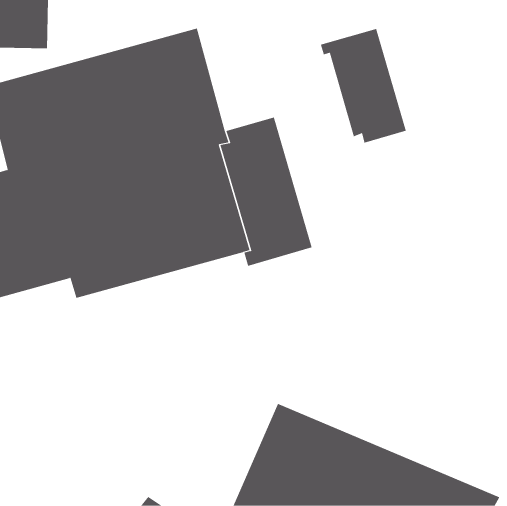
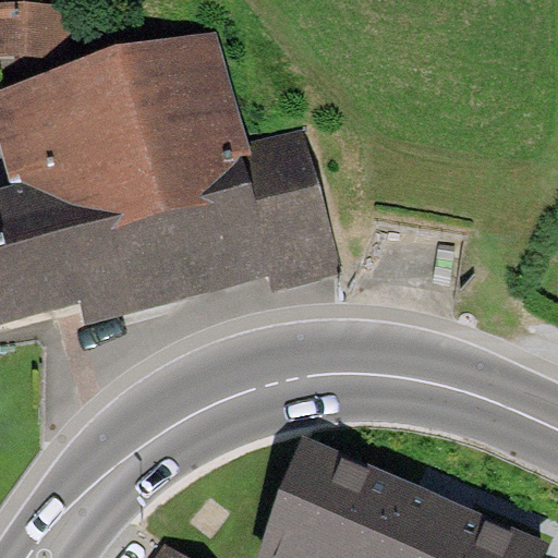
building: [320,28,406,144] -> none

